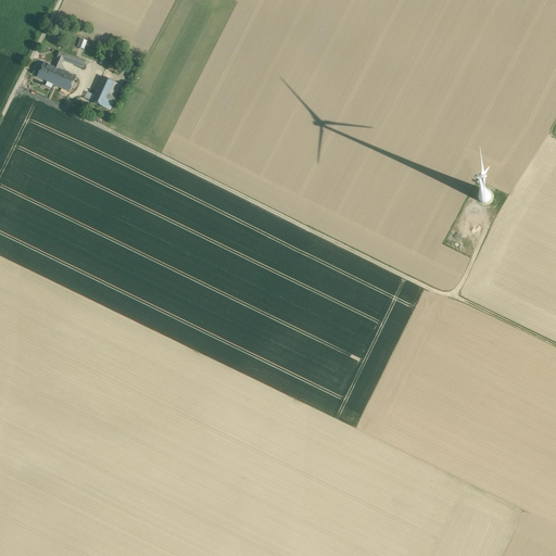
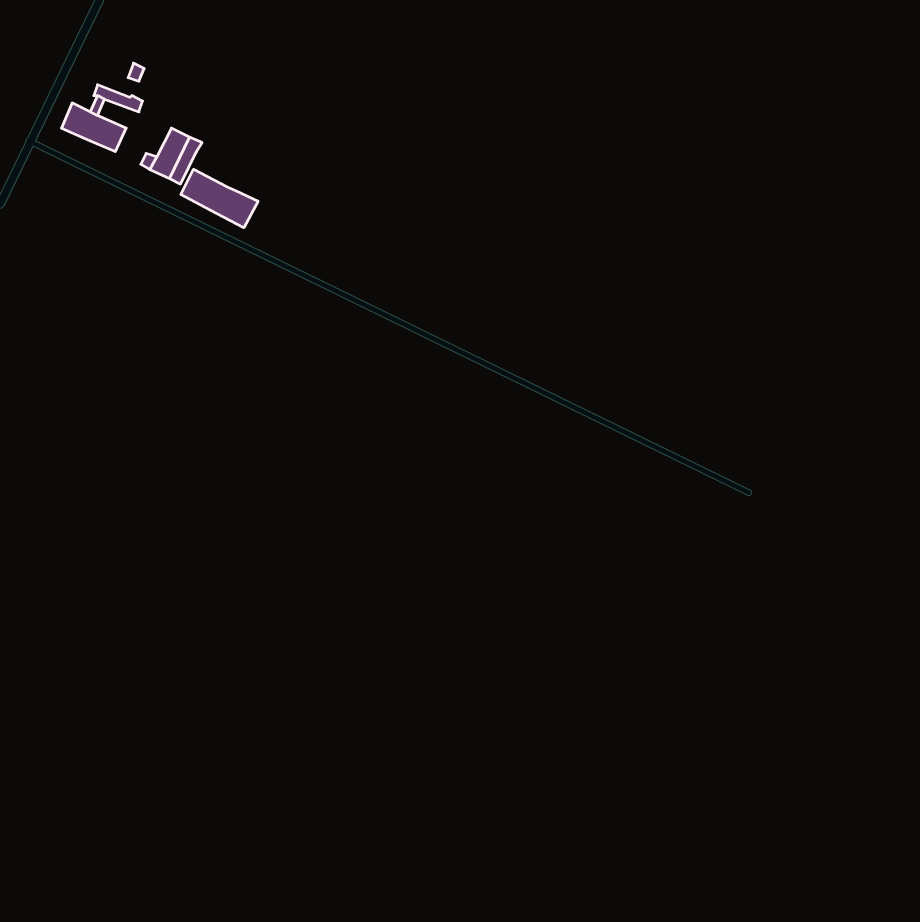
building: none -> [181,169,258,228]

